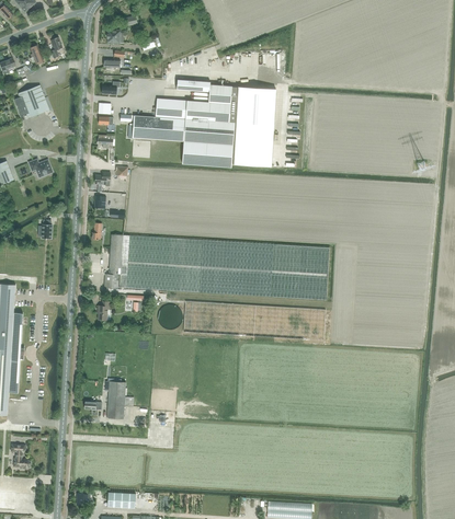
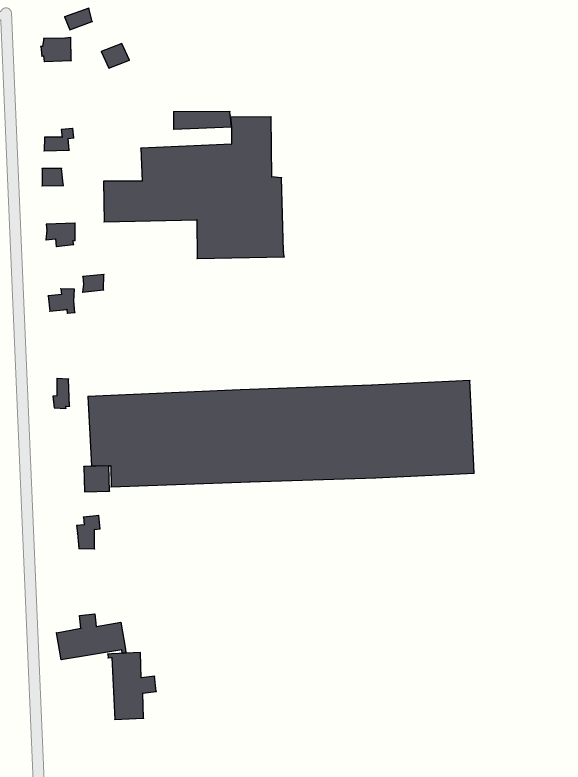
building: [228,88,275,166] -> none
building: none -> [56,614,126,660]

